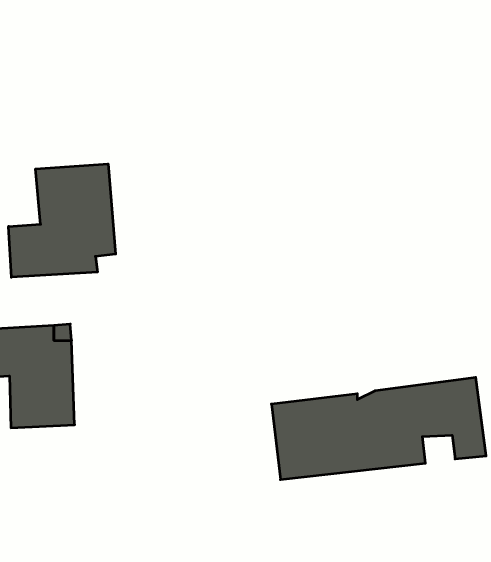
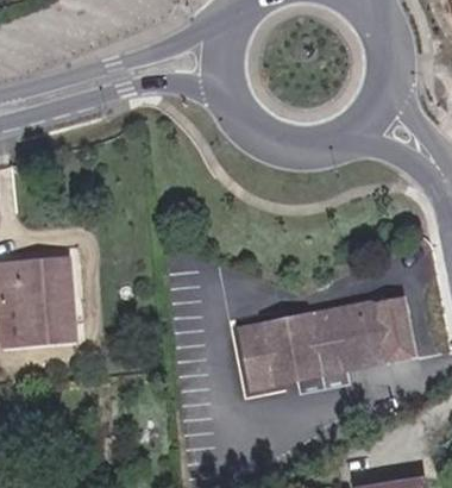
building: [9,164,116,277] -> none

